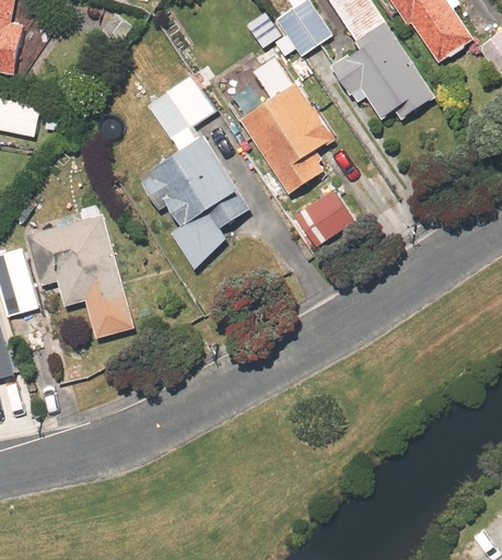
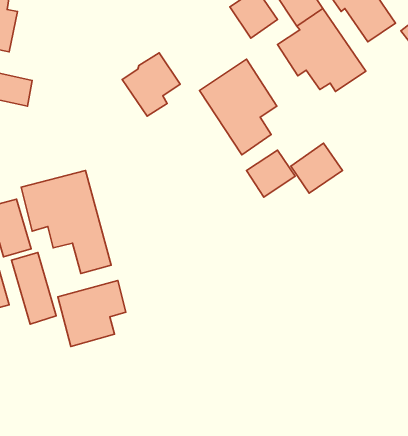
building: [140,136,249,271] -> none
building: none -> [291,143,343,193]
building: none -> [12,253,56,324]
building: none -> [58,280,126,347]

